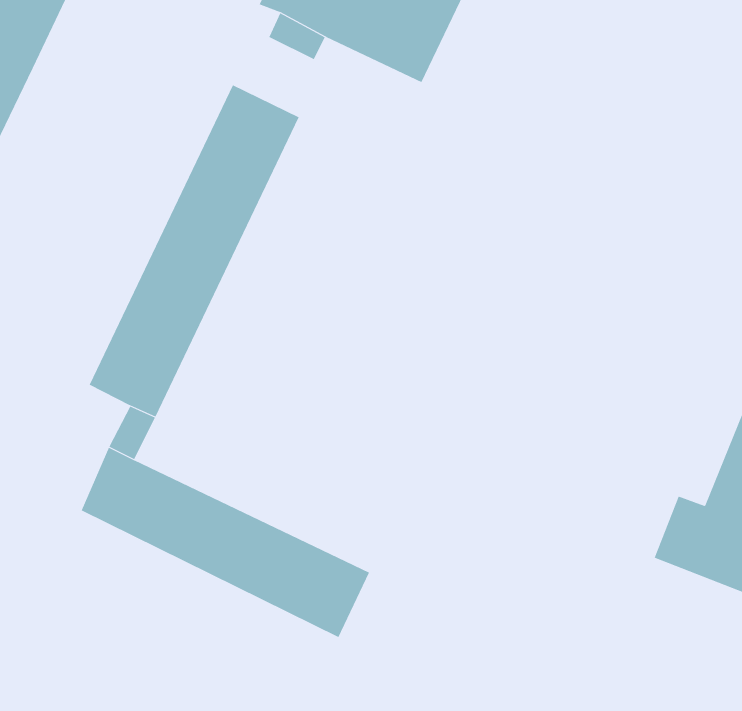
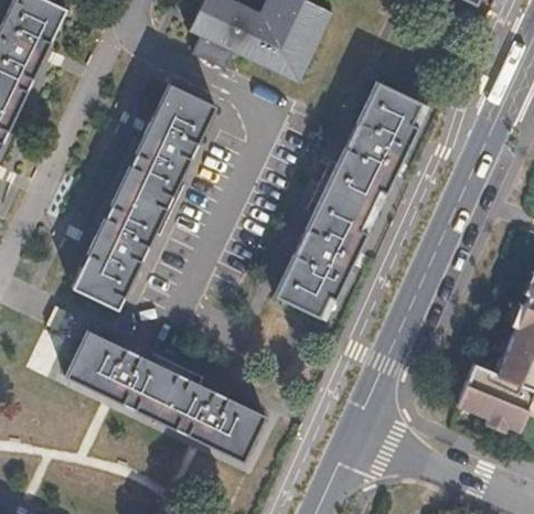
building: none -> [275,83,425,318]

